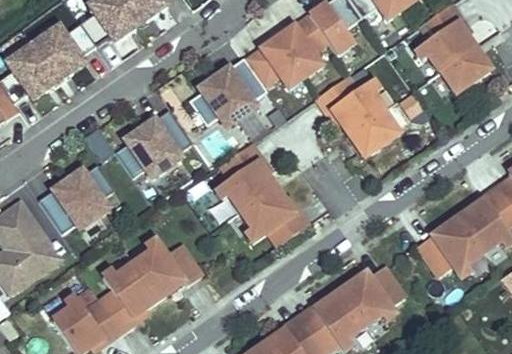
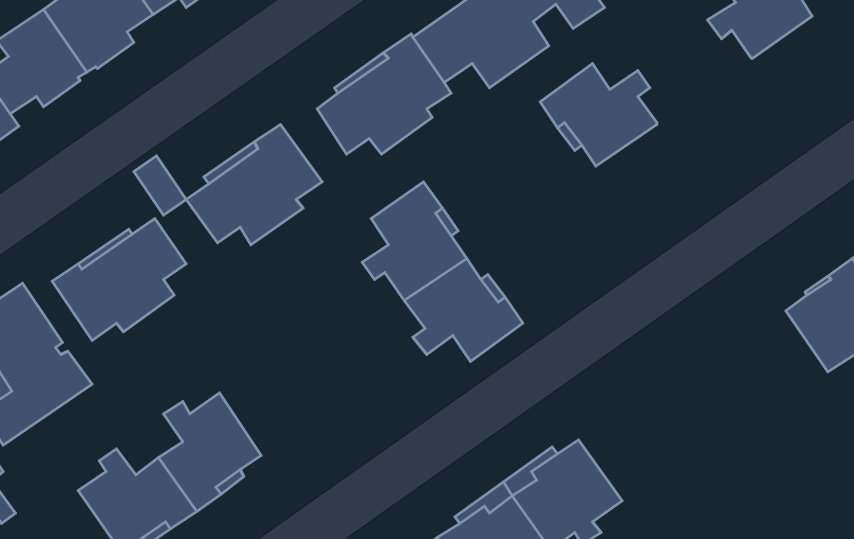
building: [440,47,490,93] -> none
building: [350,109,400,155] -> none
building: [418,216,483,276] -> none
building: [134,238,202,299] -> none
building: [340,265,405,325] -> none

